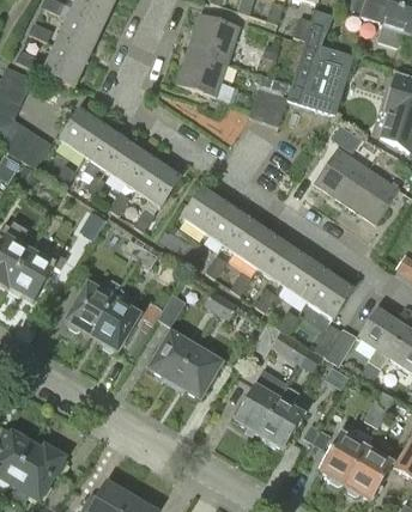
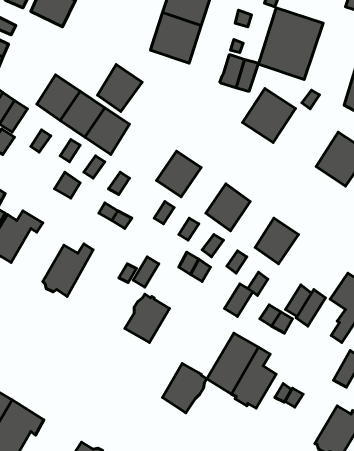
building: [42,44,87,87] -> none
building: [315,147,369,202] -> [243,88,295,142]
building: [137,159,182,207] -> [98,65,142,111]
building: [208,203,254,250] -> none
building: [259,238,303,285] -> none
building: [308,272,353,318] -> none
building: [92,287,140,351] -> none
building: [176,347,222,397] -> [162,364,207,413]
building: [320,426,368,484] -> none

